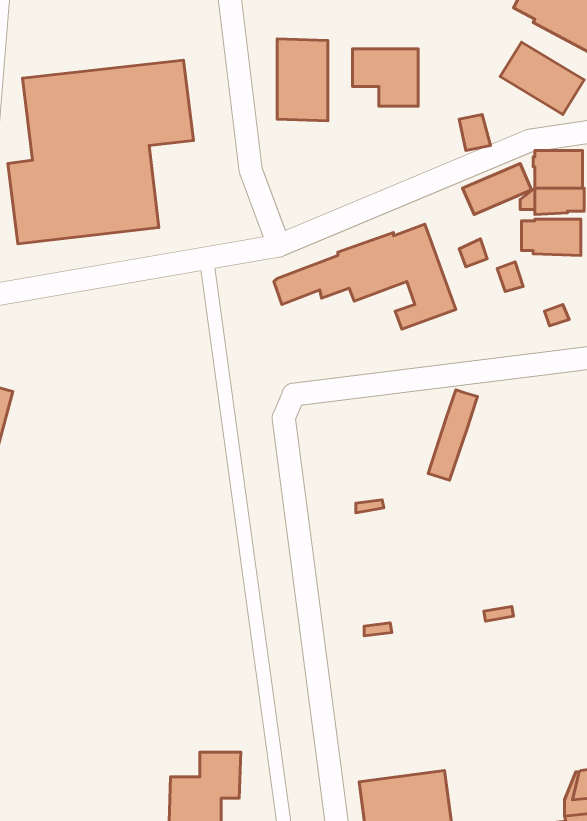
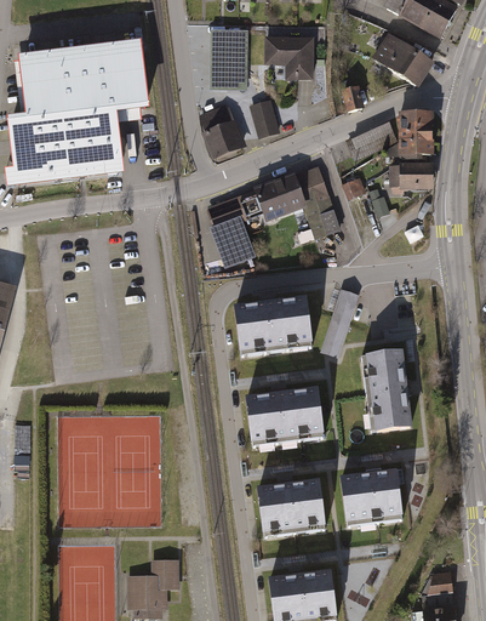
building: none -> [248,99,279,138]
building: none -> [198,103,246,156]
building: none -> [210,215,255,267]
building: none -> [234,296,314,353]
building: none -> [360,354,412,435]
building: none -> [246,389,324,448]
building: none -> [341,471,404,524]
building: none -> [257,480,326,535]

